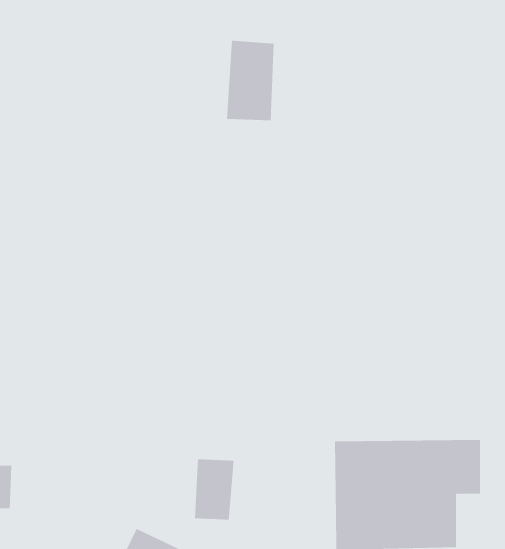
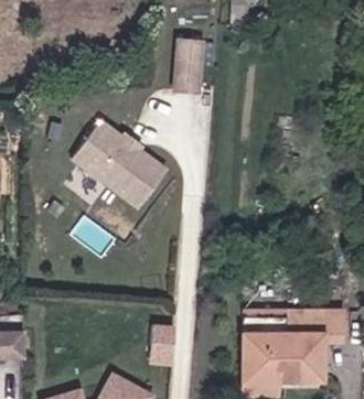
building: none -> [67,117,171,211]

